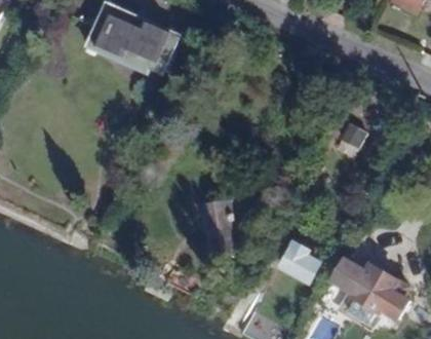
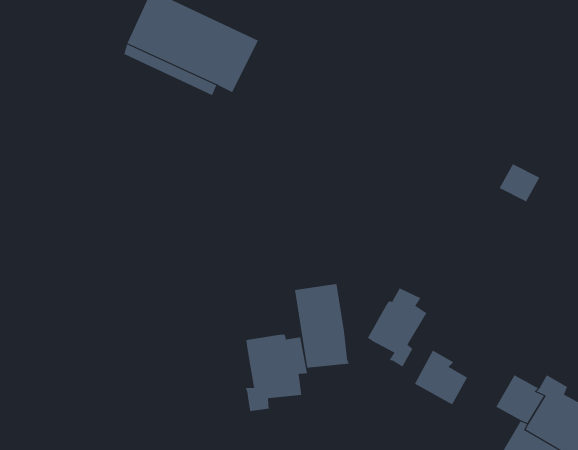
building: none -> [367,287,427,367]
building: none -> [245,334,307,412]

